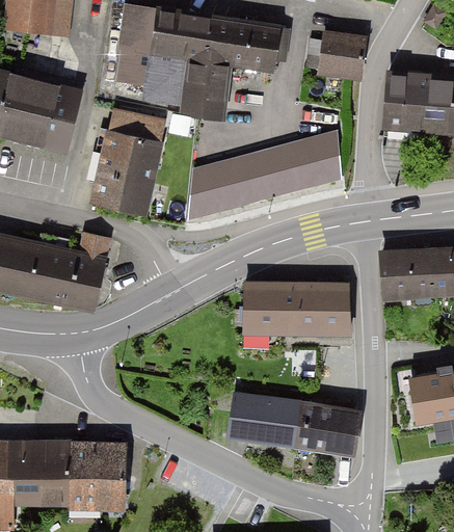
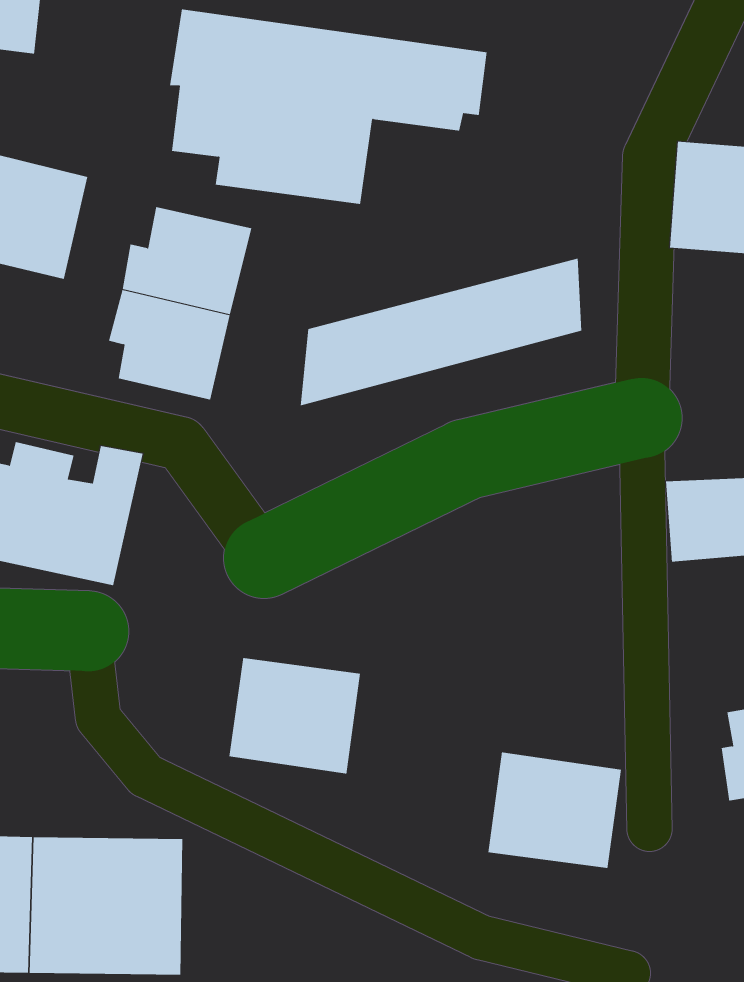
building: [318,35,366,77] -> none
building: [241,282,351,343] -> none
building: [225,389,295,450] -> [229,658,361,774]

